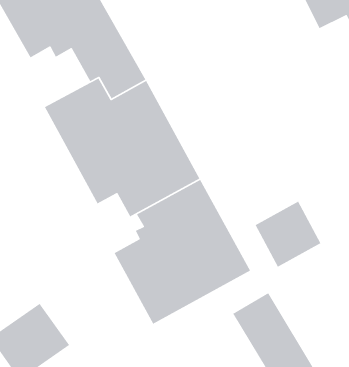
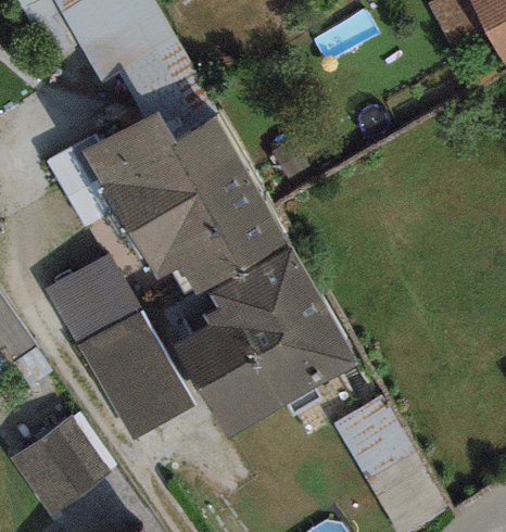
building: none -> [47,253,194,439]
building: [254,201,322,268] -> none

